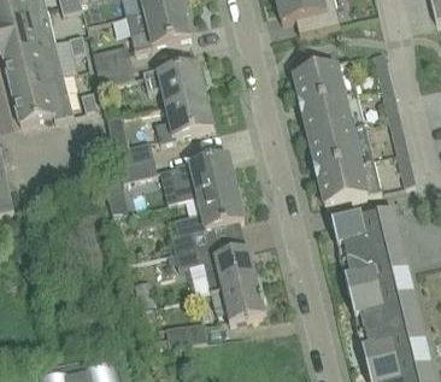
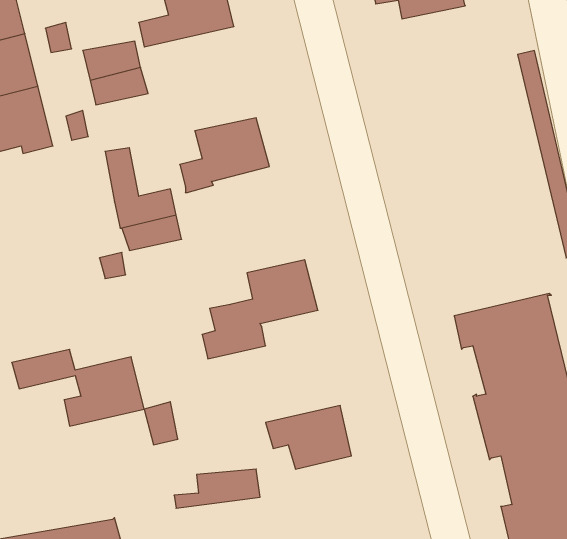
building: [293,60,381,205] -> none
building: [141,63,204,104] -> none
building: [167,154,235,201] -> none
building: [172,242,258,292] -> [12,349,144,426]

